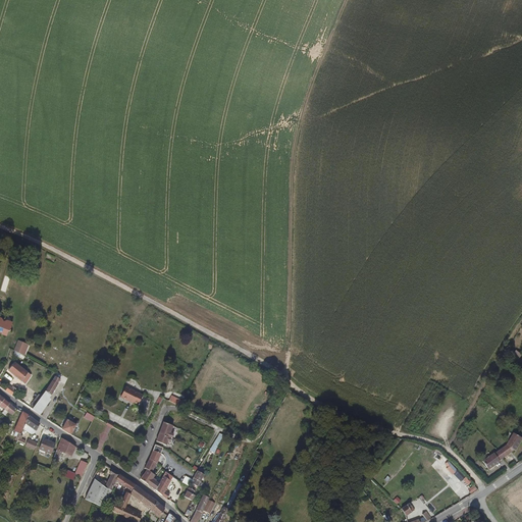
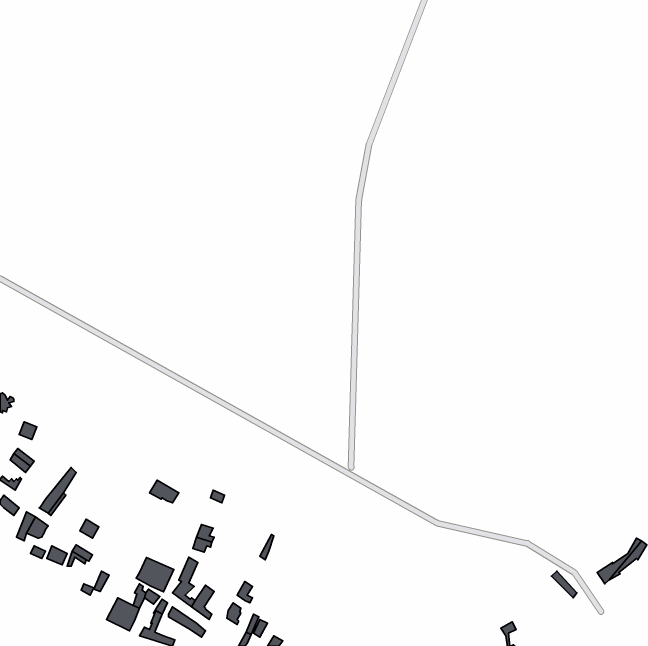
building: none -> [136,558,174,592]

